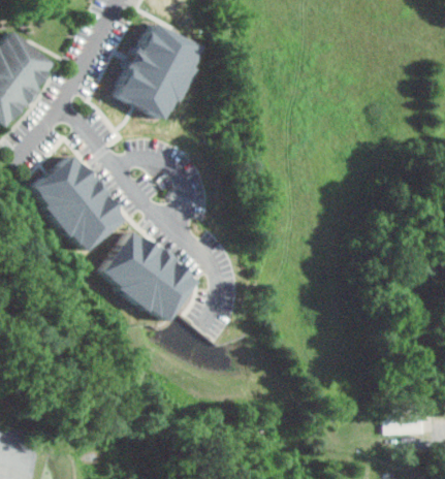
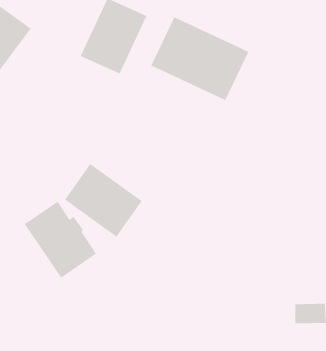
building: none -> [150,16,249,101]
building: [32,156,124,253] -> [24,201,97,278]

